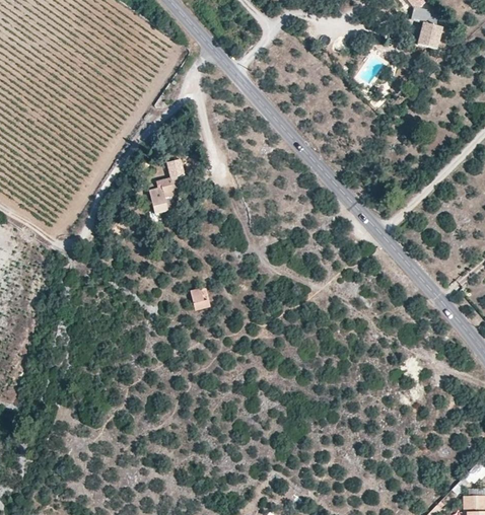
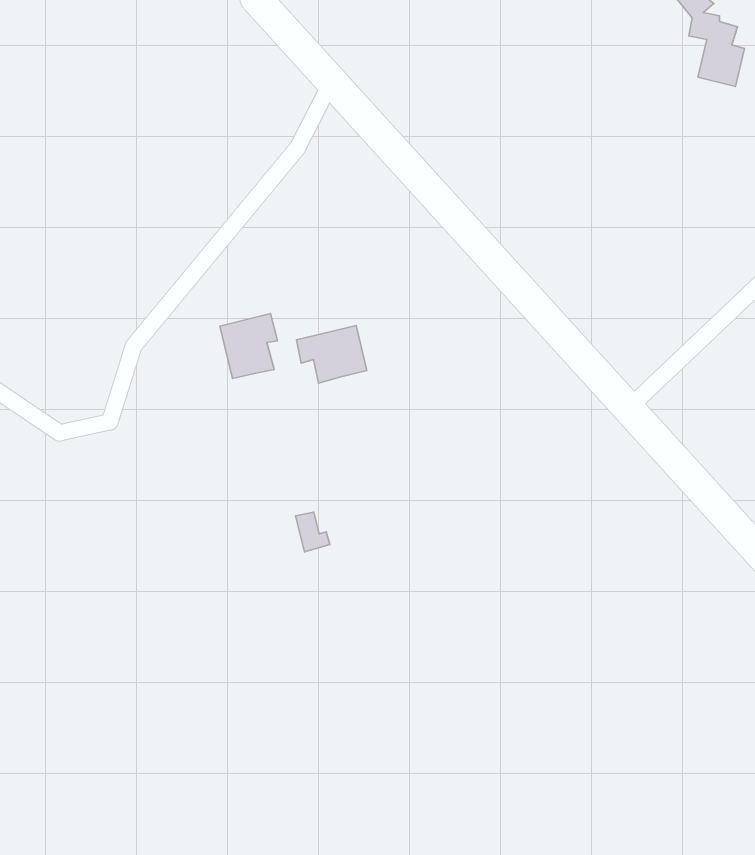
building: none -> [296,326,367,383]

